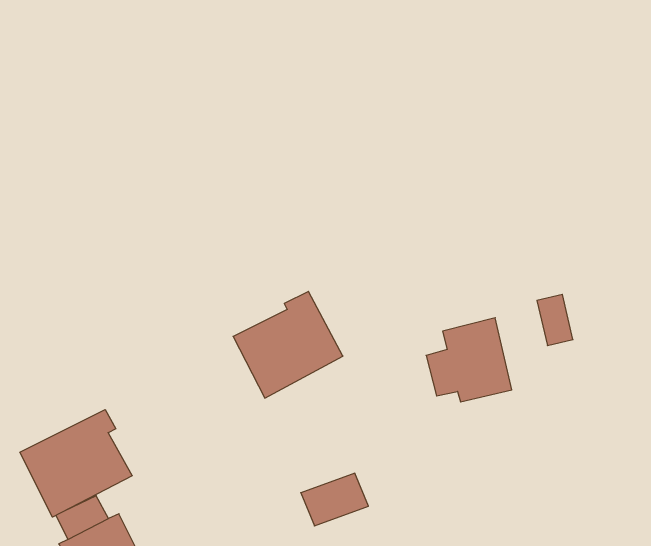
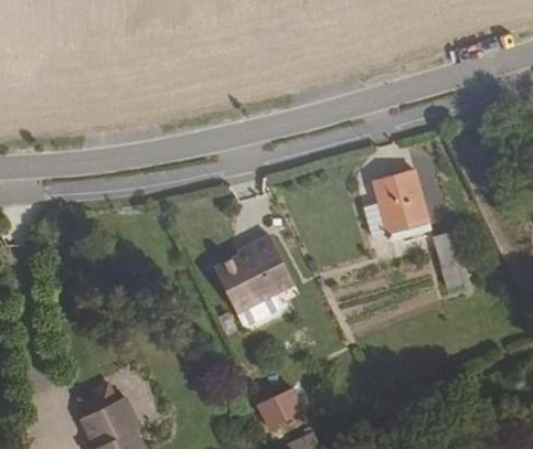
building: [426,318,512,402] -> [365,173,428,235]
building: [20,410,132,517] -> none

